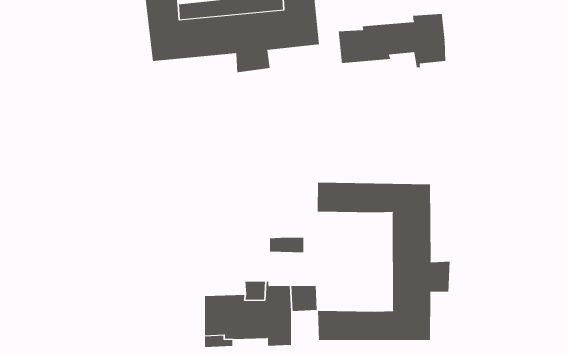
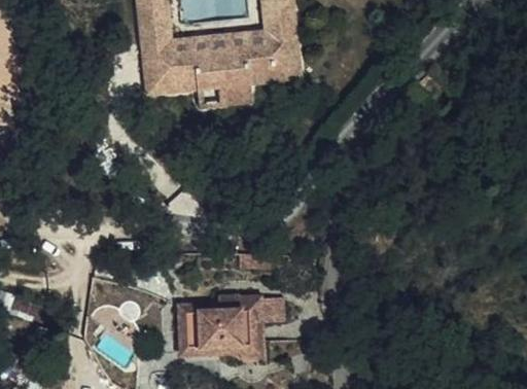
building: [338,13,446,68] -> none
building: [317,182,450,341] -> none

